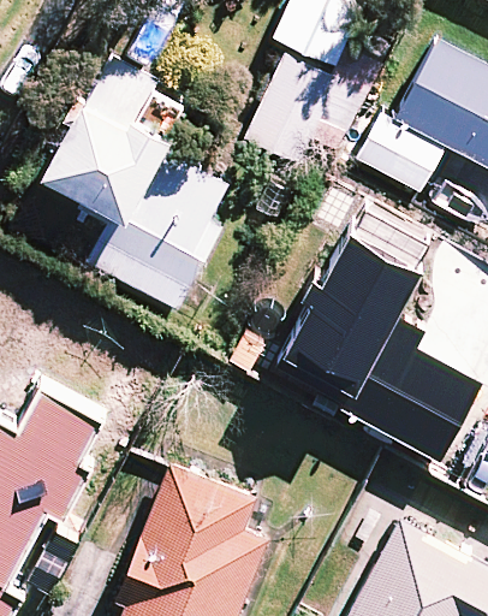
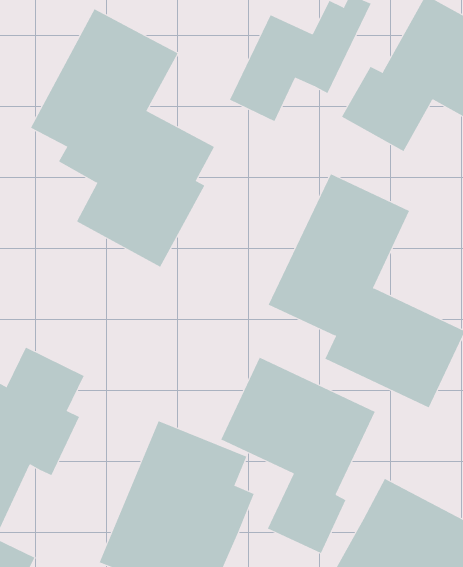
building: none -> [220,357,375,554]

